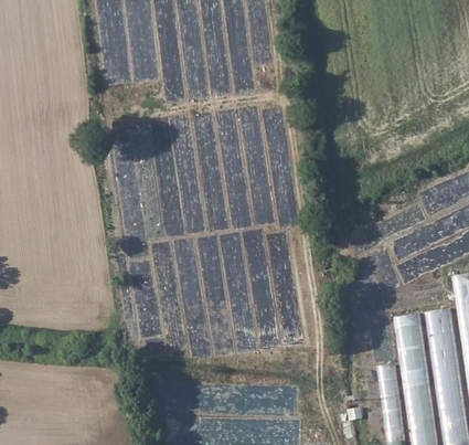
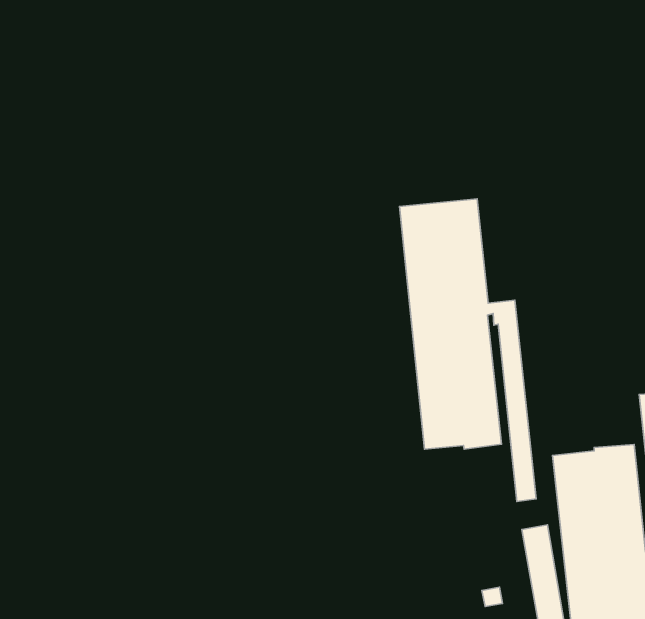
building: none -> [400,199,536,501]

